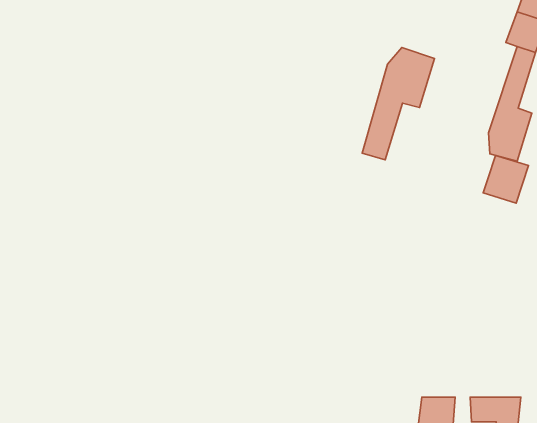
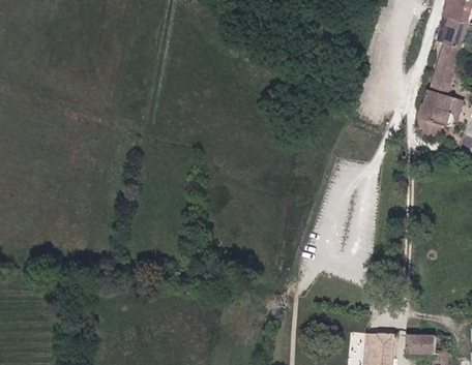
building: [362,47,434,160] -> none
building: [483,155,529,203] -> none

